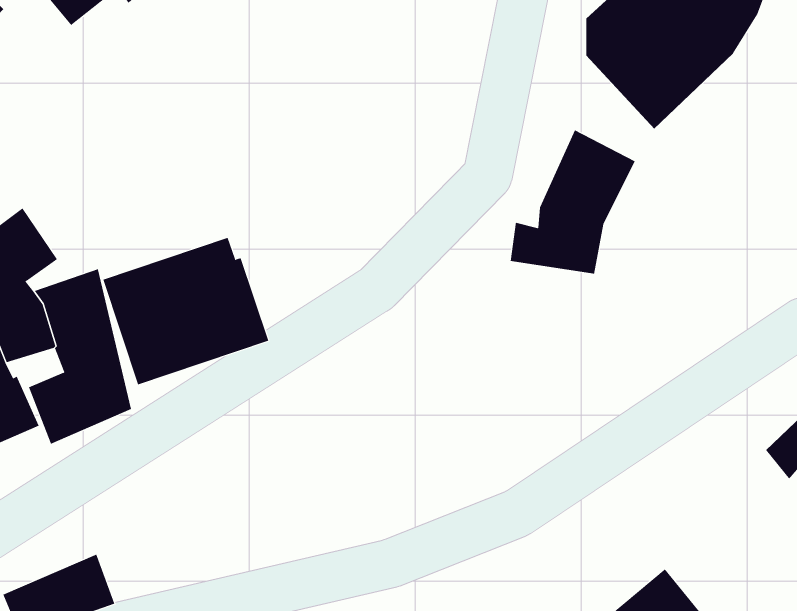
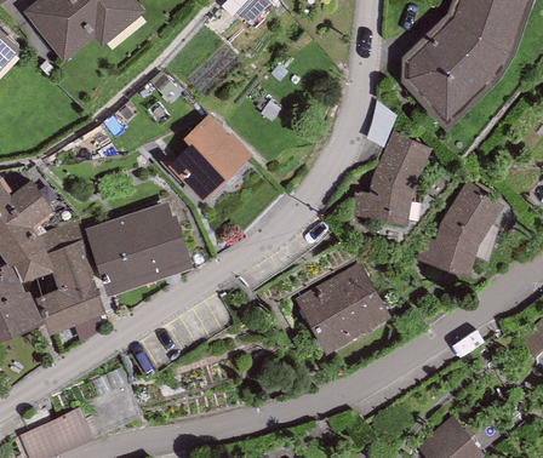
building: none -> [160,114,252,202]
building: none -> [415,179,503,277]
building: none -> [293,263,391,355]

